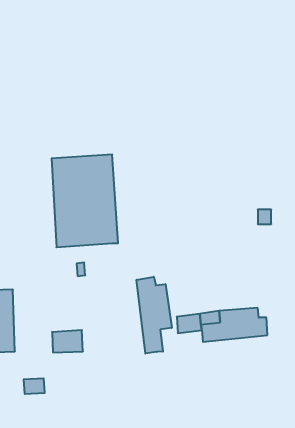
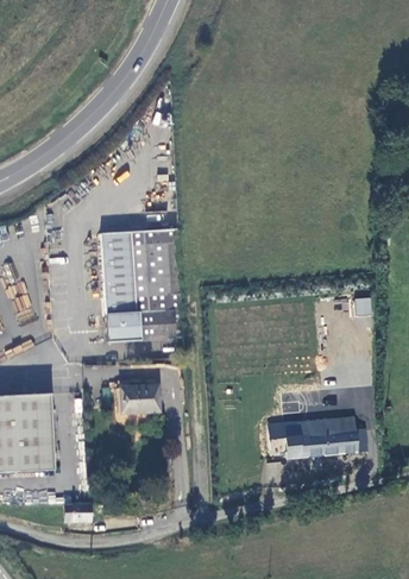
building: [137,277,172,354] -> none
building: [52,330,83,352] -> [119,385,157,413]

